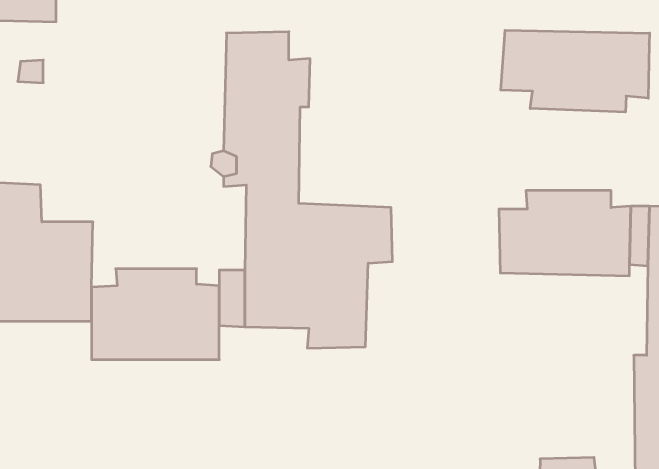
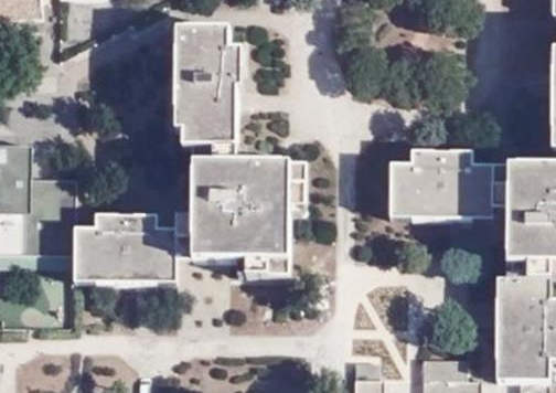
building: [501,30,650,112] -> none

